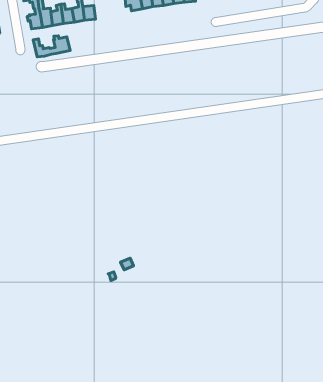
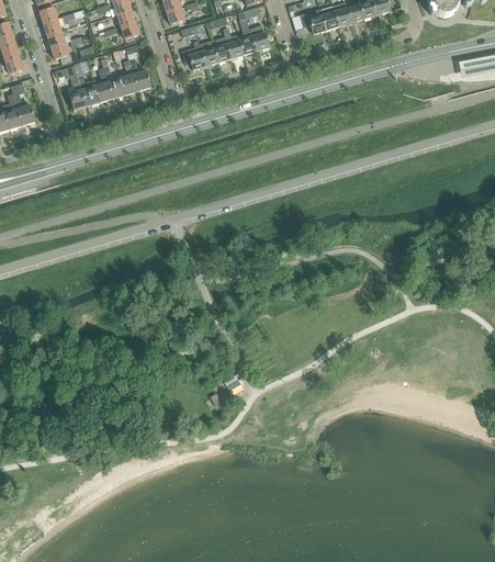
building: [33,36,70,57] -> none

